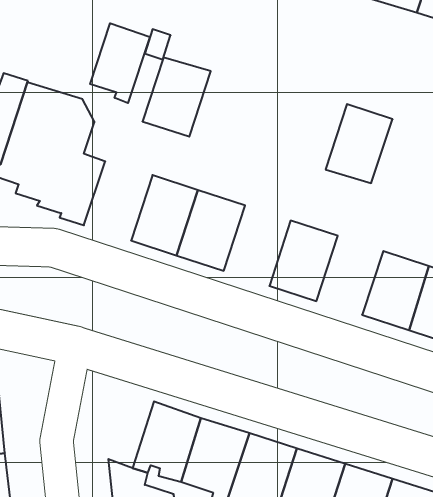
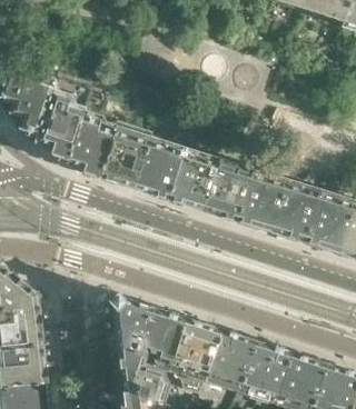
building: [90,23,150,103] -> none
building: [142,58,211,137] -> [99,131,149,189]
building: [326,104,393,183] -> [269,186,318,243]
building: none -> [201,163,250,222]
building: none -> [111,297,150,356]

